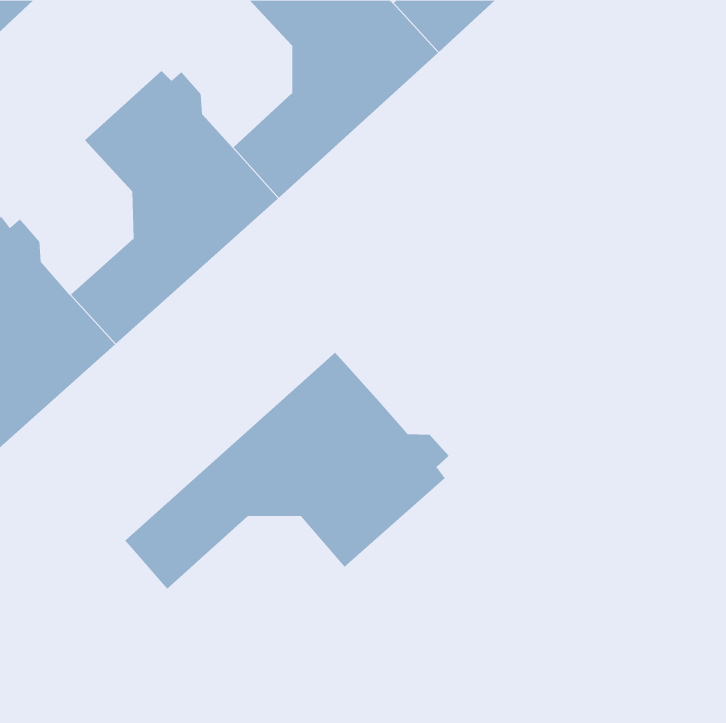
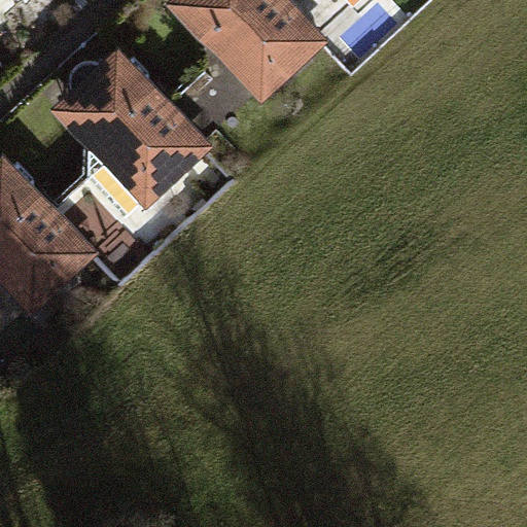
building: [124,352,450,590] -> none

